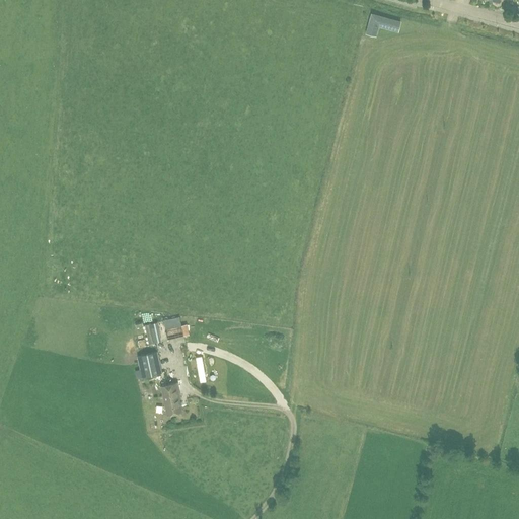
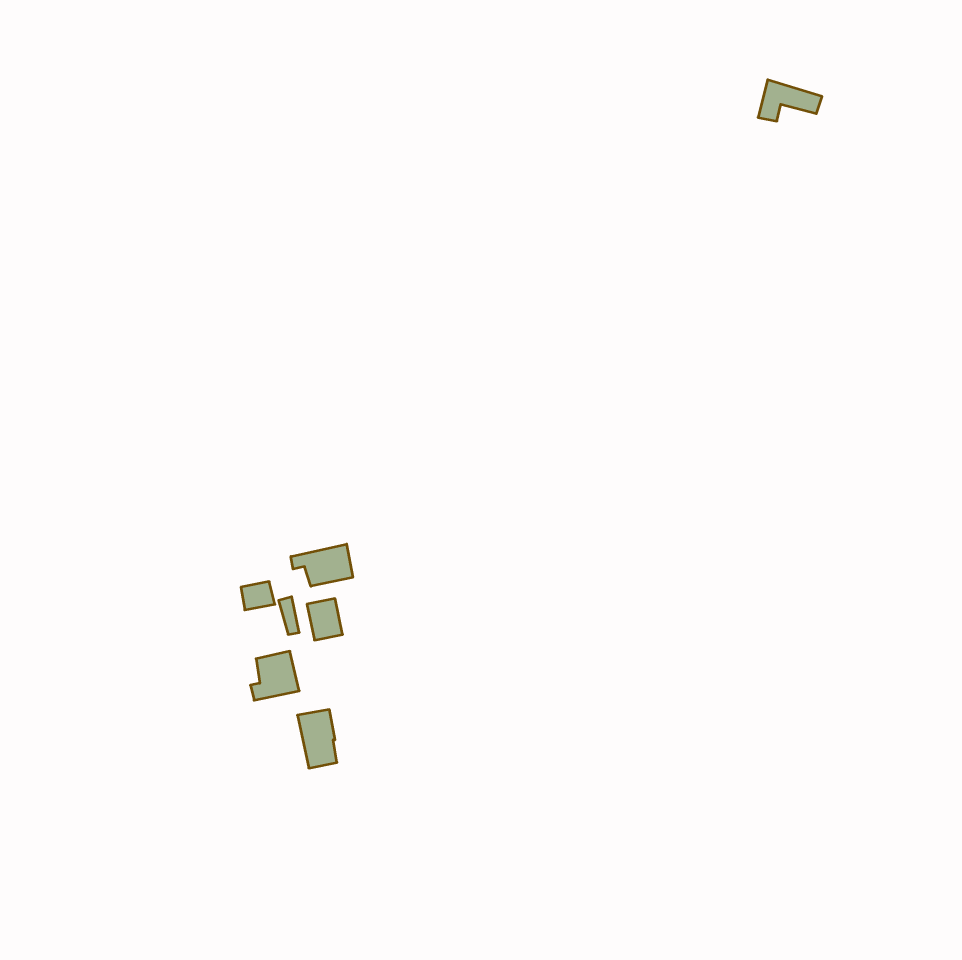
building: [366,12,400,34] -> [758,80,822,121]
building: none -> [291,544,353,586]

